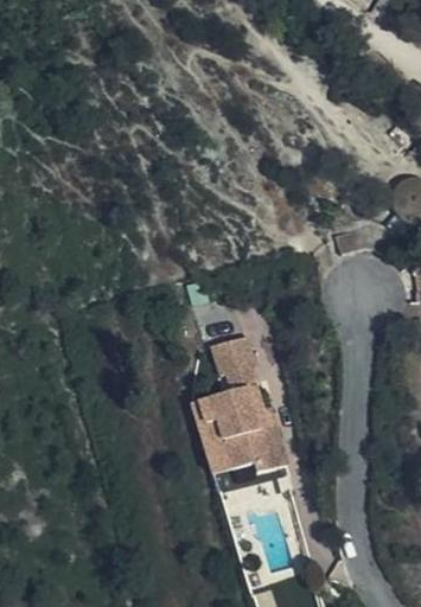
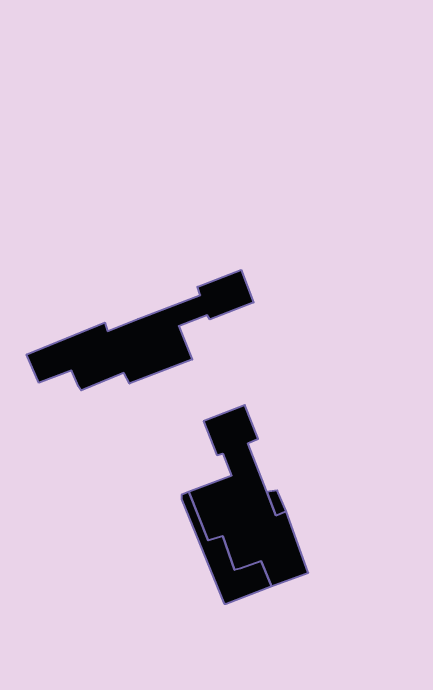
building: none -> [27,270,254,390]

